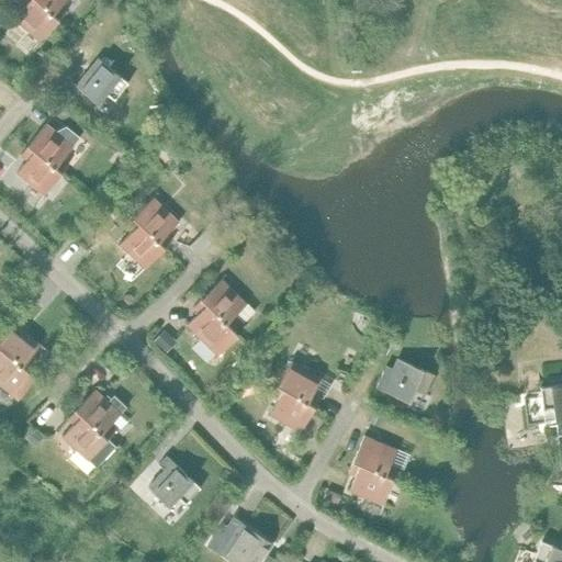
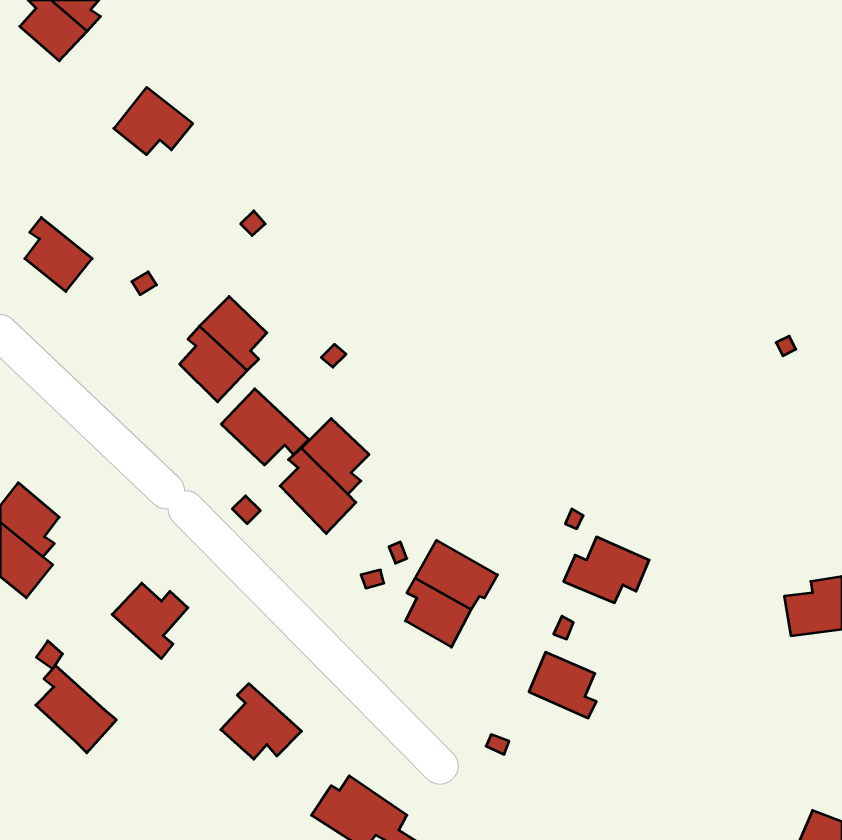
building: [27,124,80,173] -> none
building: none -> [221,389,309,465]
building: [61,411,115,469] -> [36,666,116,753]
building: [348,462,392,505] -> none

